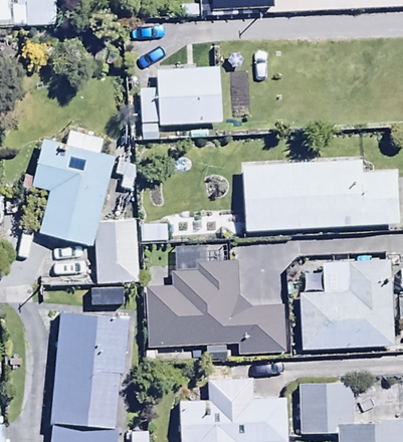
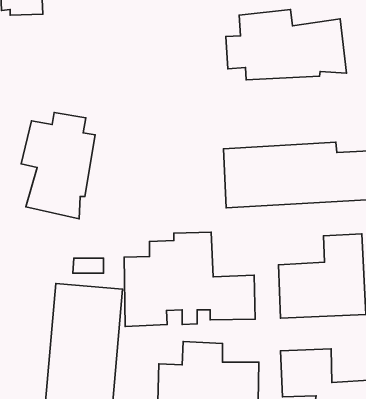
building: none -> [226,9,346,80]
building: [144,66,223,127] -> none
building: [91,218,133,282] -> none

